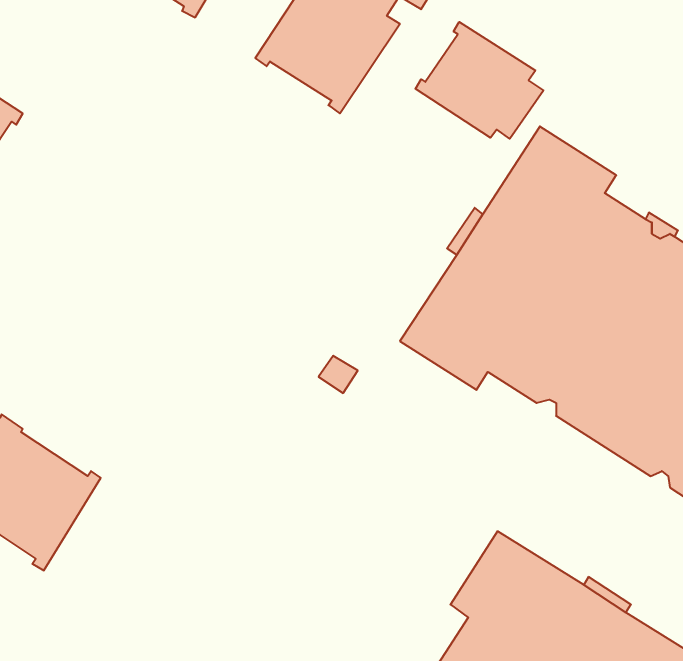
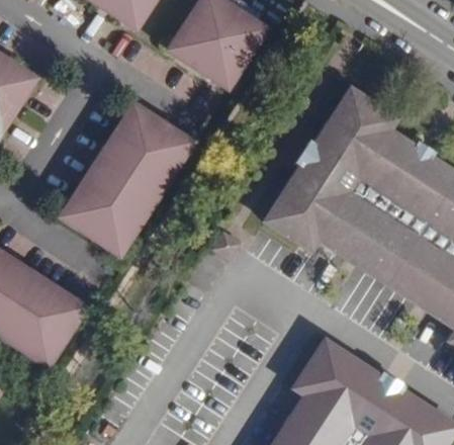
building: [415,22,543,139] -> none
building: none -> [63,106,188,251]

